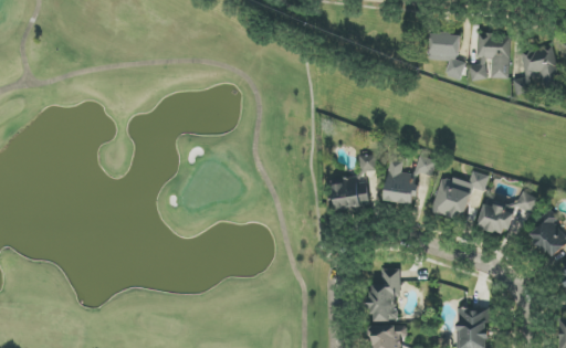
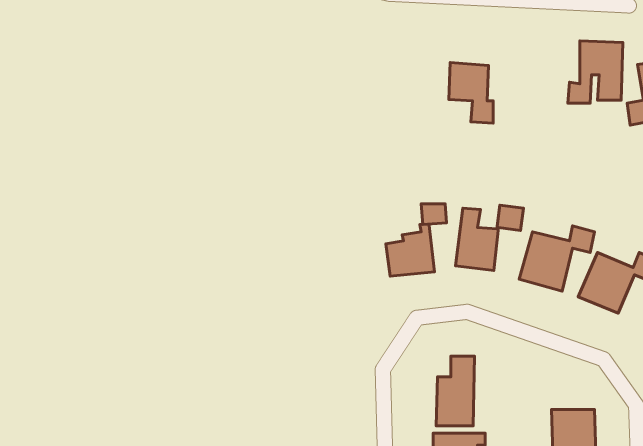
building: [429,32,462,77] -> [449,62,493,123]

